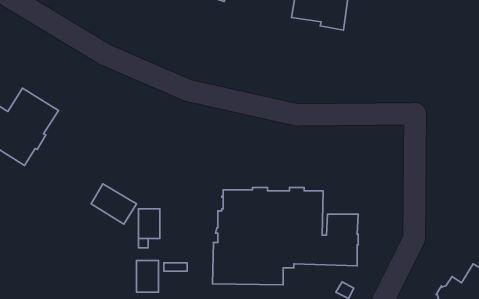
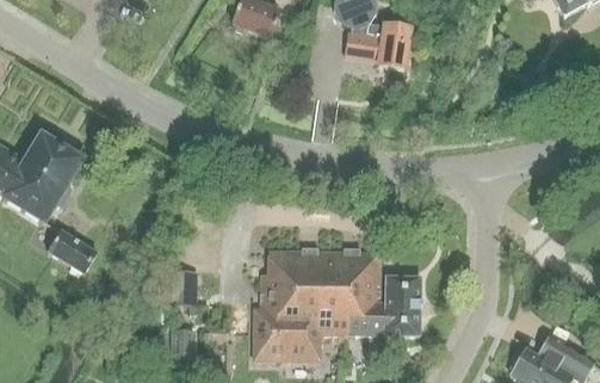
building: [91,184,137,224] -> [47,229,98,274]

